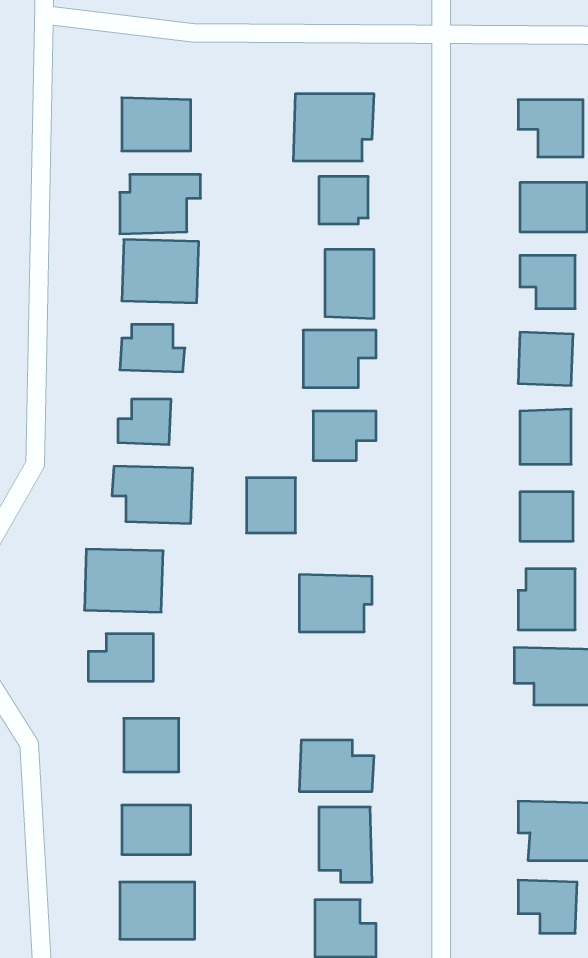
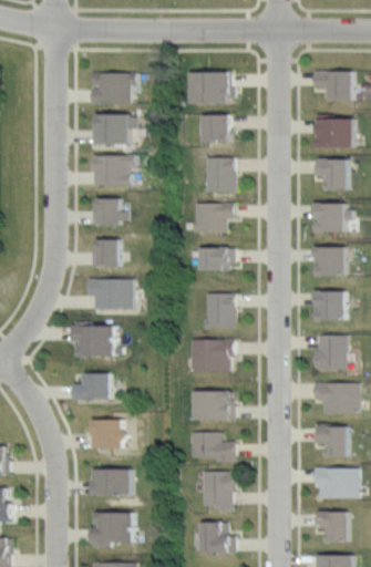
building: [246,478,296,533] -> [206,293,234,324]
building: none -> [194,392,230,419]
building: none -> [316,424,348,456]

